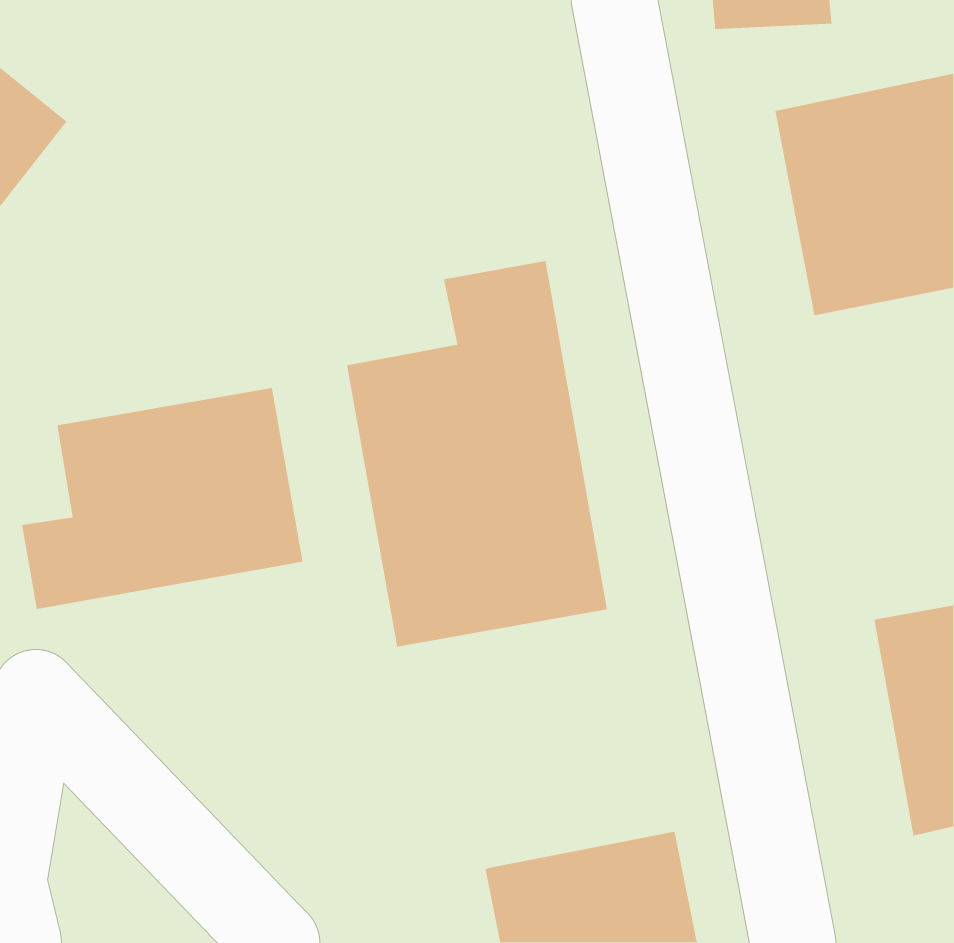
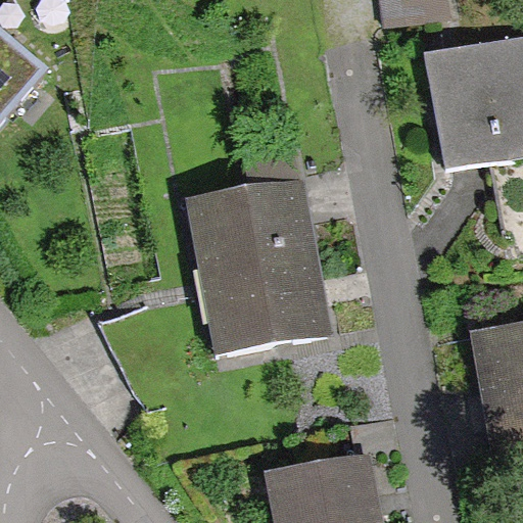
building: [21,387,304,610] -> none

